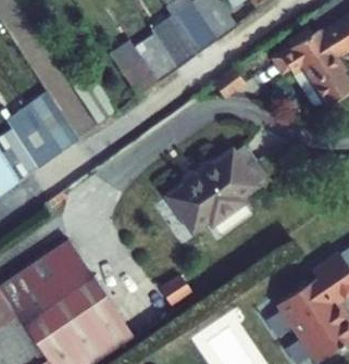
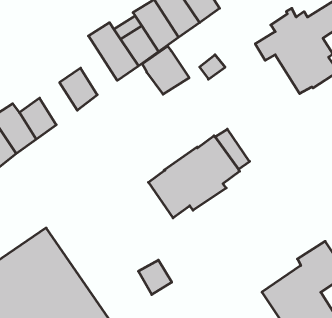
building: none -> [142,46,189,94]

